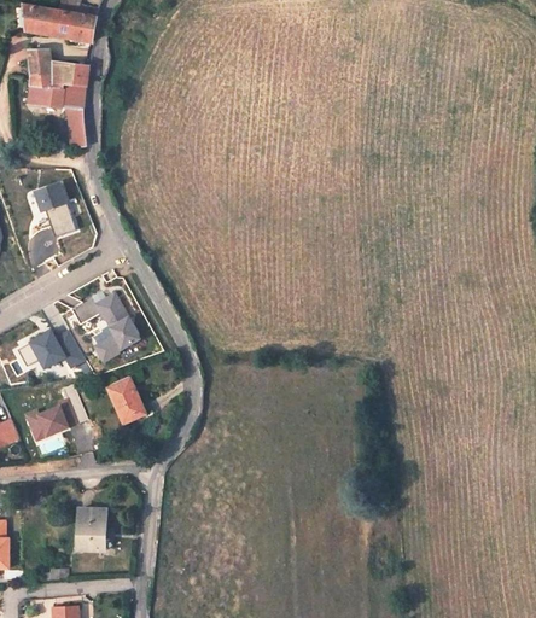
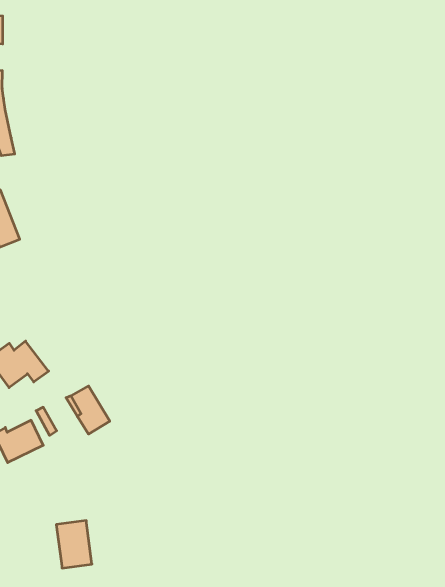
building: [71,290,144,361] -> none

